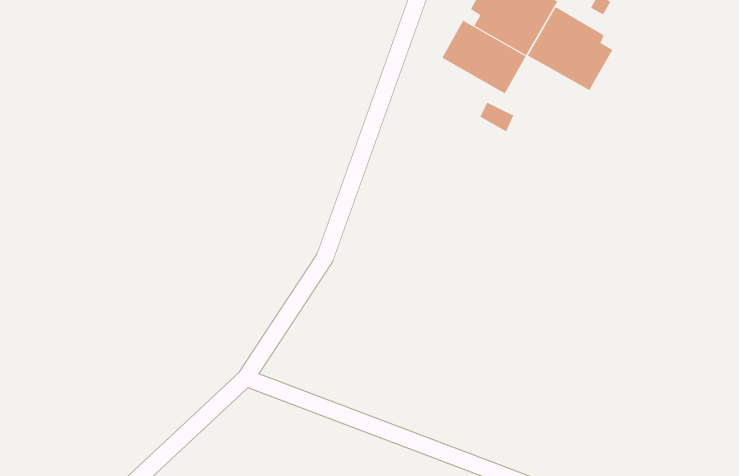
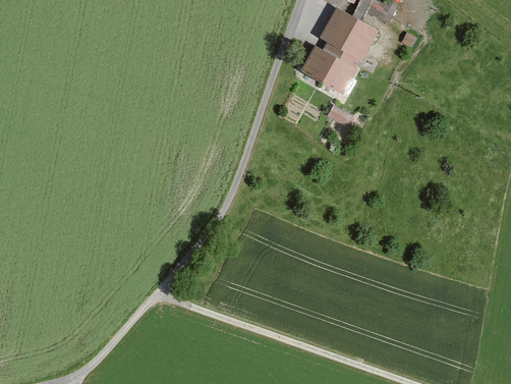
building: [527,6,613,91] -> none

